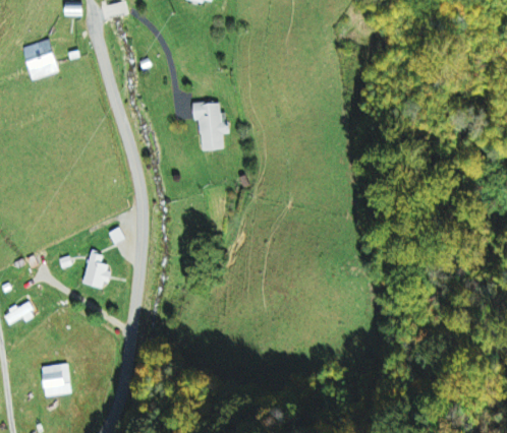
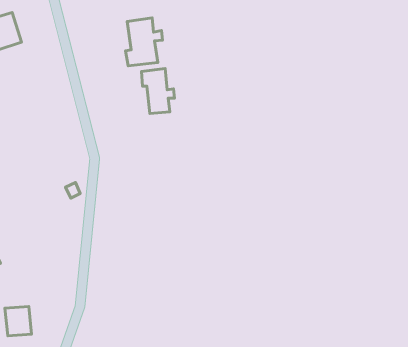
building: none -> [125,18,163,66]
building: [82,252,109,289] -> none

